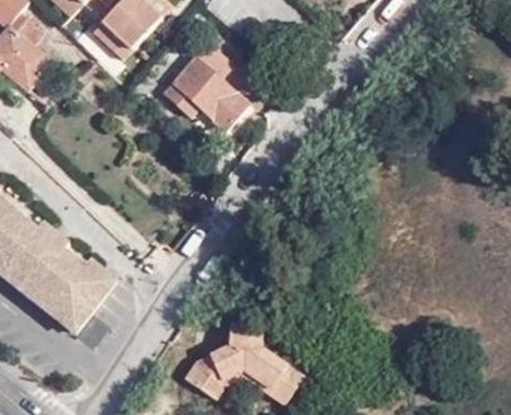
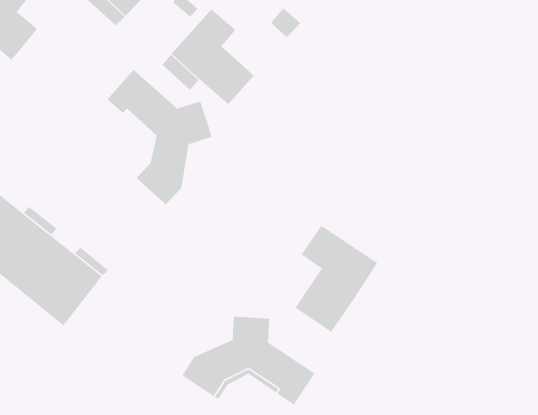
building: none -> [107,69,213,205]
building: none -> [294,225,378,333]

